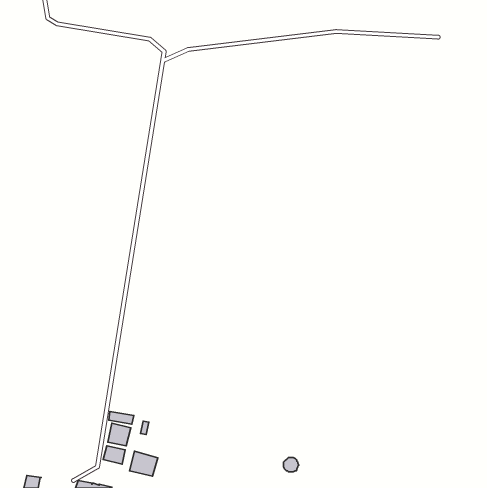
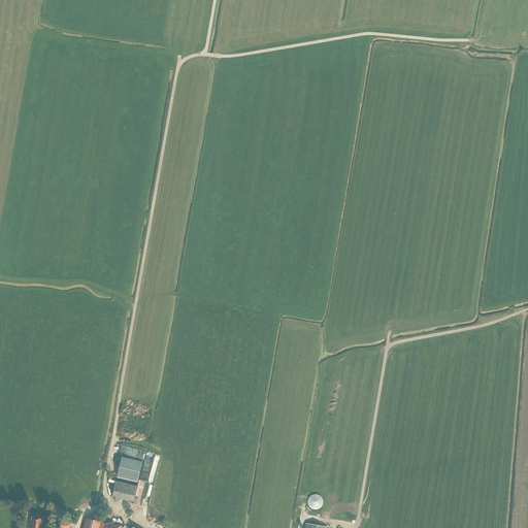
building: [129,451,158,476] -> none

